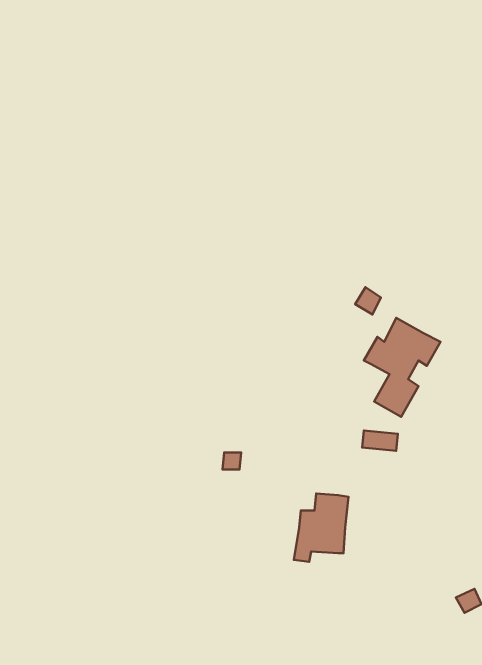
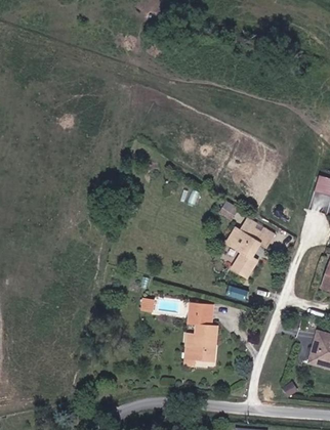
building: none -> [189,301,213,325]

